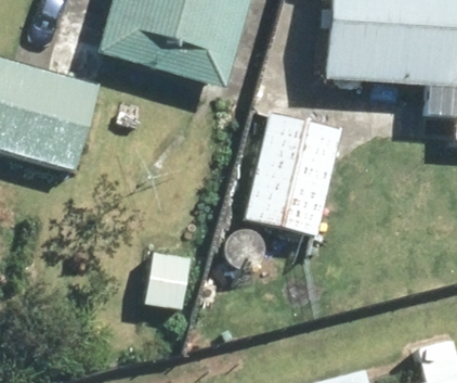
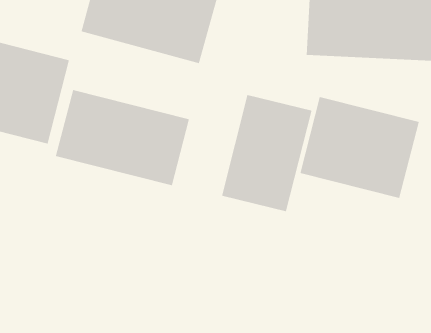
building: none -> [55,89,190,186]
building: none -> [299,96,420,199]

